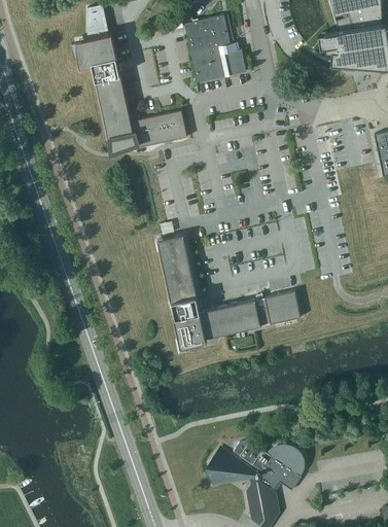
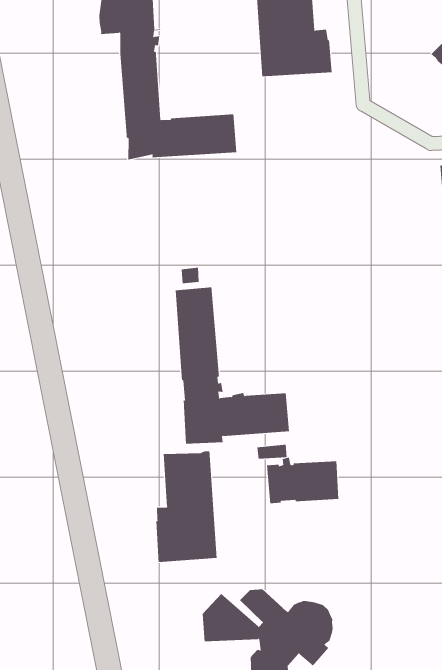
building: [246,291,301,328] -> [266,457,339,504]
building: none -> [156,451,217,563]

